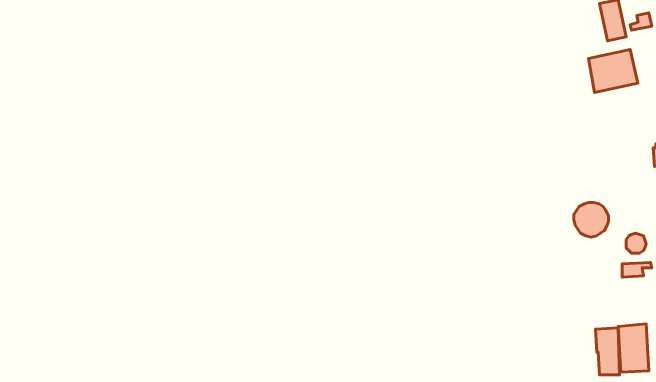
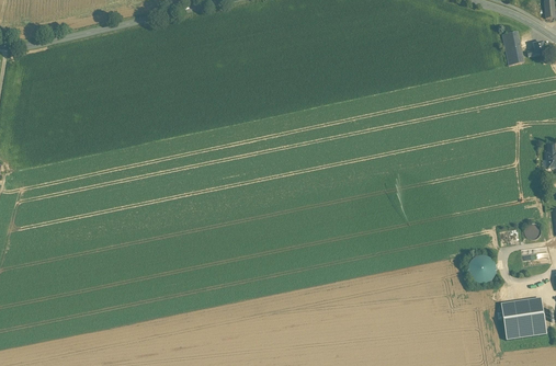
building: [588,50,638,92] -> none
building: [574,203,608,237] -> [468,255,497,284]

